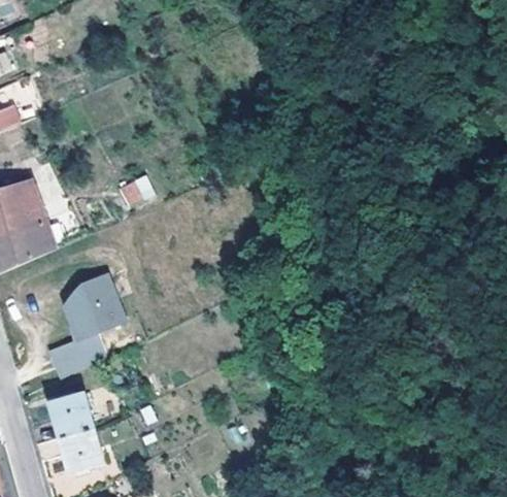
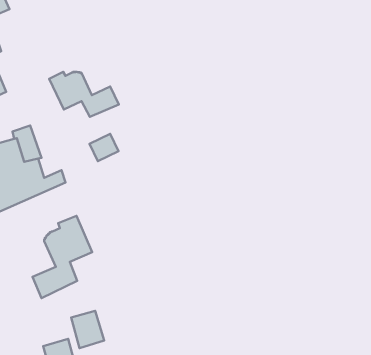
building: none -> [49,72,119,117]
building: [48,393,90,439] -> [71,311,104,348]

